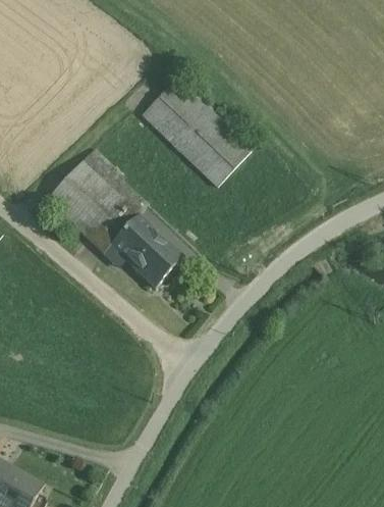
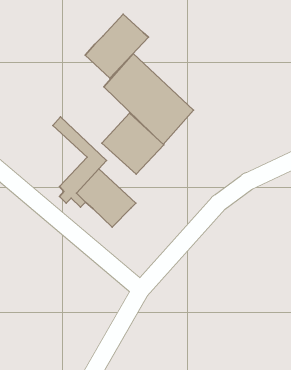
building: none -> [85,14,149,78]
building: [48,162,123,237] -> [102,113,164,174]

